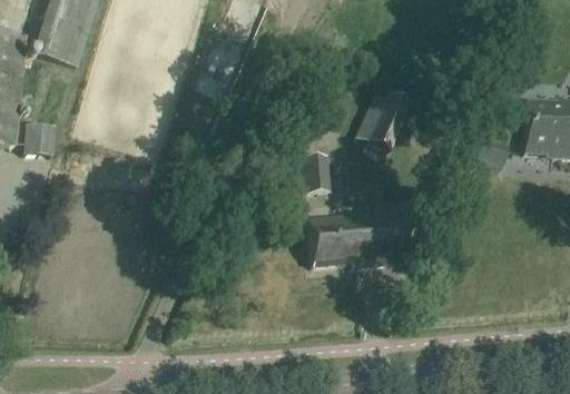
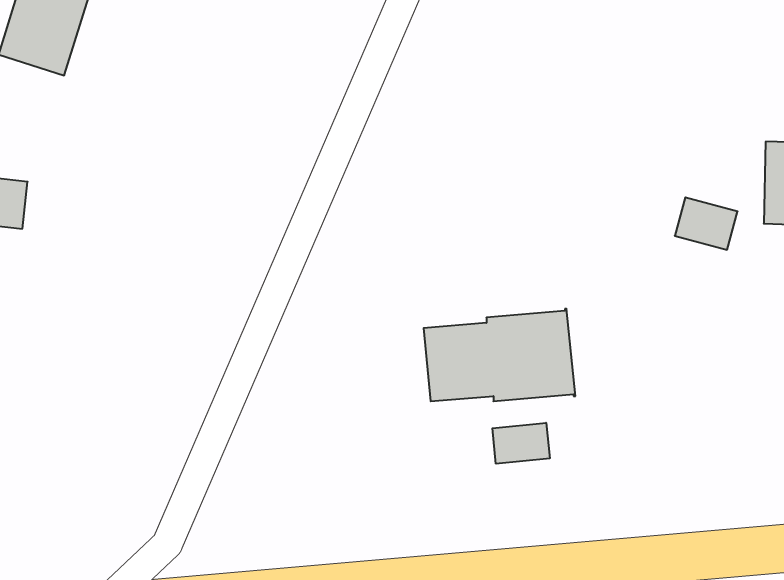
building: [355,88,410,148] -> none
building: [299,151,331,191] -> none
building: none -> [492,423,550,464]

